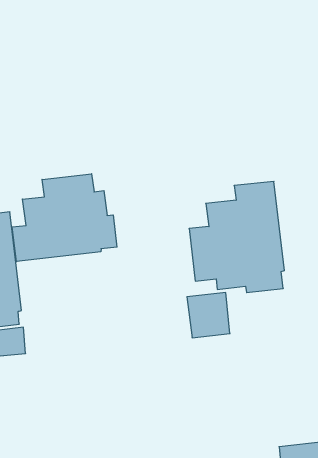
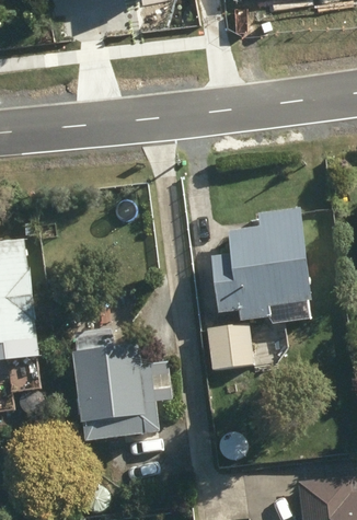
building: [12,174,117,262] -> none
building: none -> [71,328,159,441]

